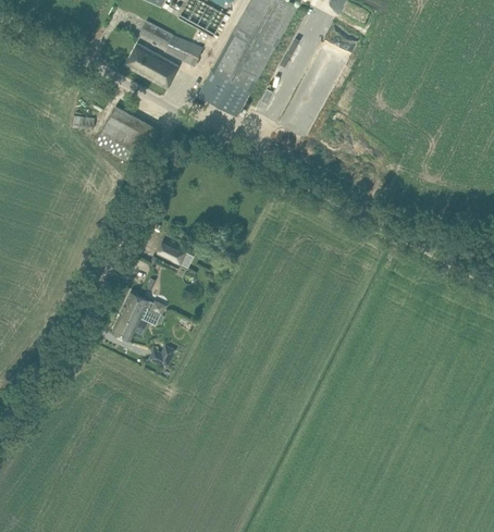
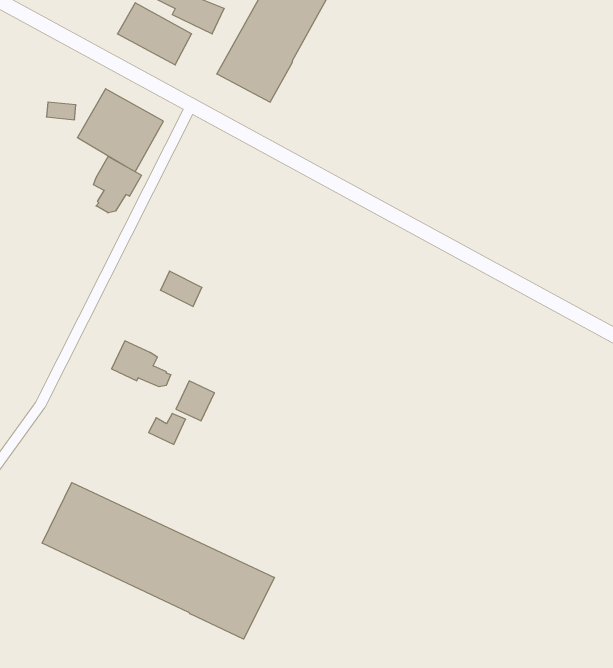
building: none -> [93,156,141,213]
building: [111,311,139,341] -> [176,381,214,421]
building: none -> [42,483,274,639]

